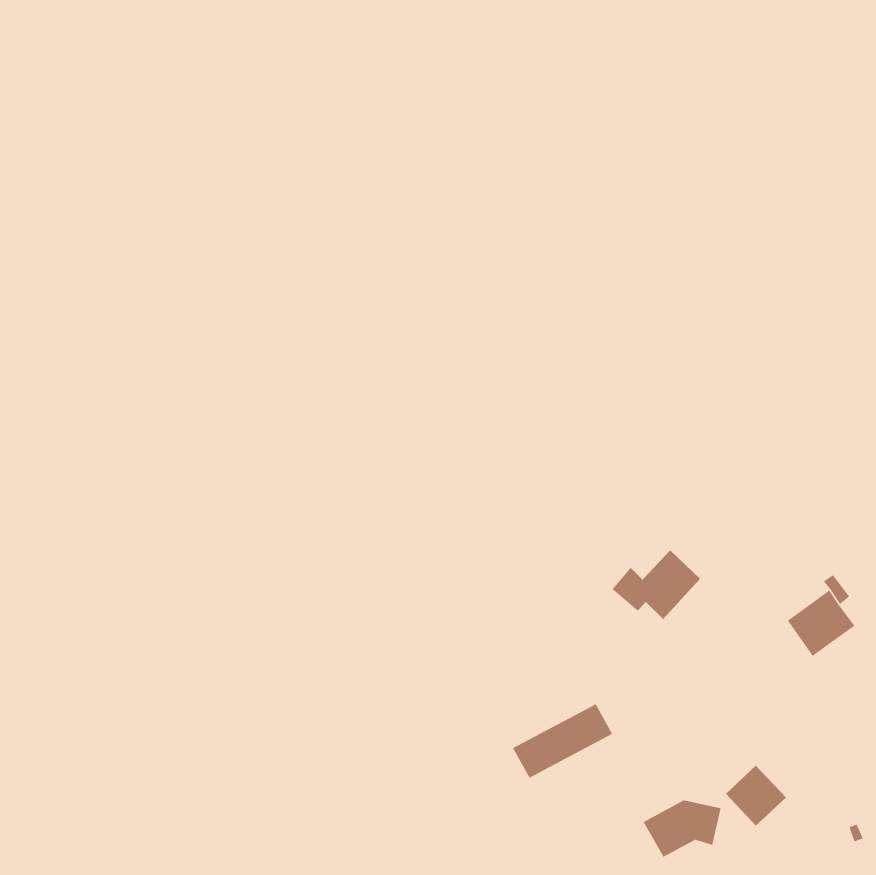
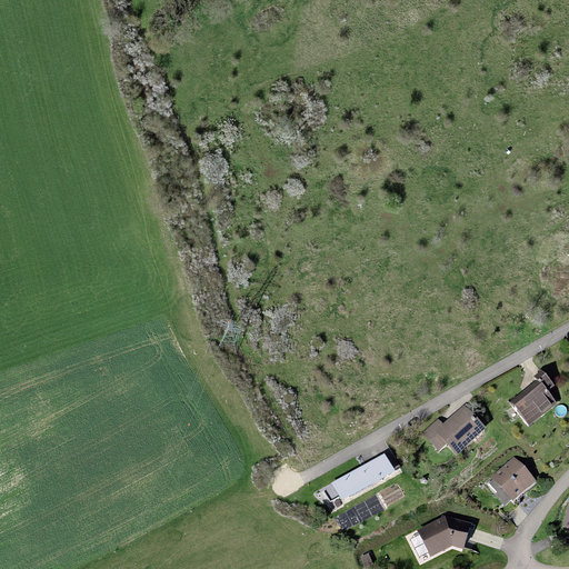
building: [612,550,701,620] -> [423,407,481,452]
building: [725,765,787,827] -> [493,459,533,499]

